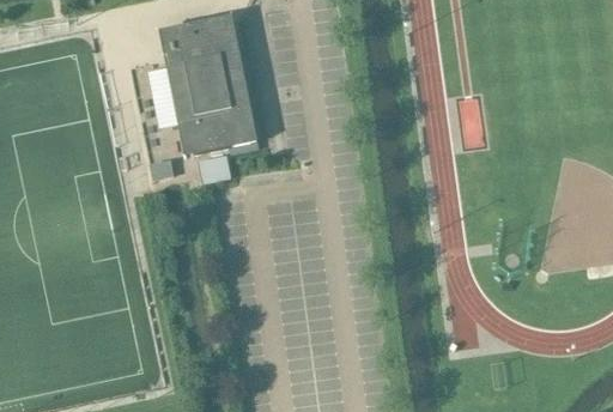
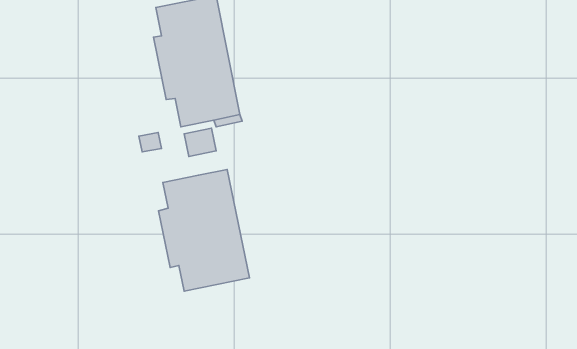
building: none -> [159,170,250,291]

